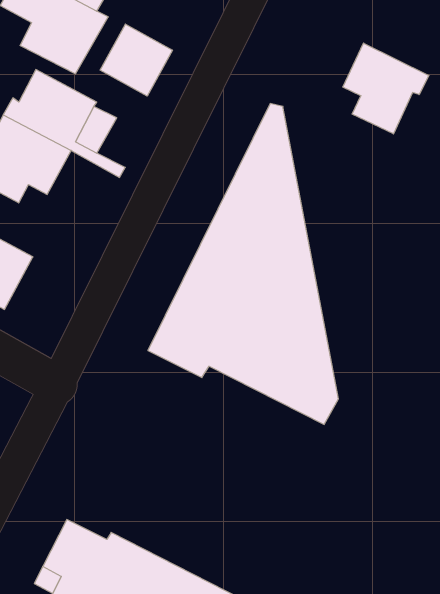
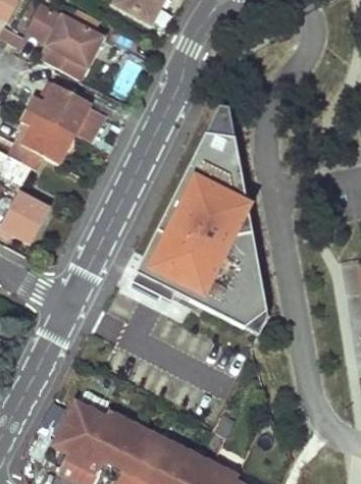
building: [100,24,172,96] -> none
building: [343,43,429,134] -> none

